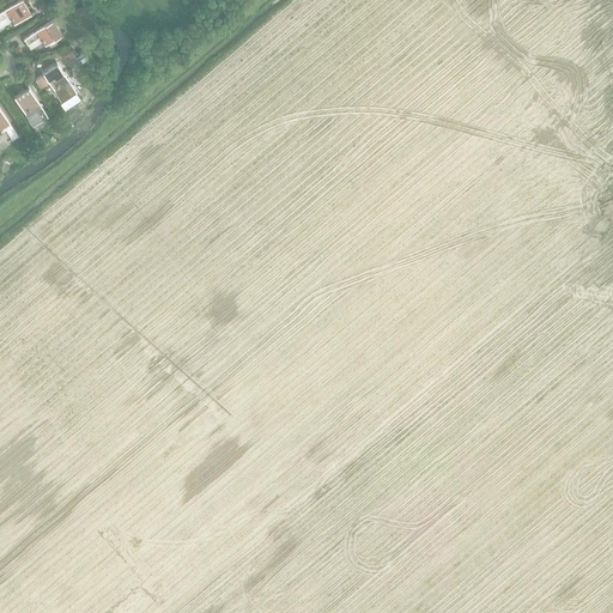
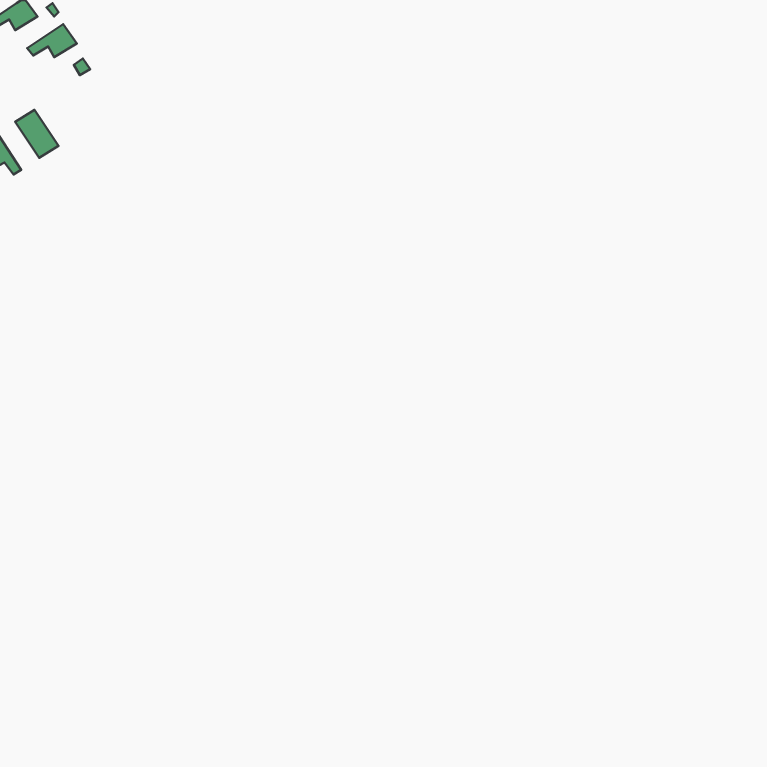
building: [35,65,75,103] -> none

